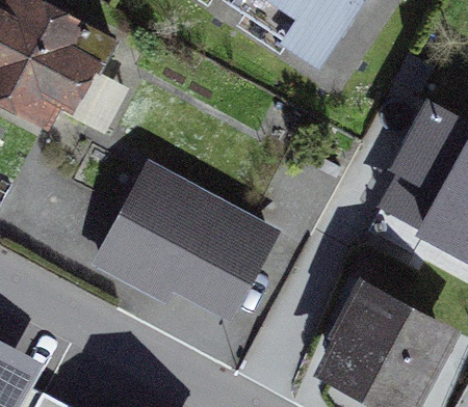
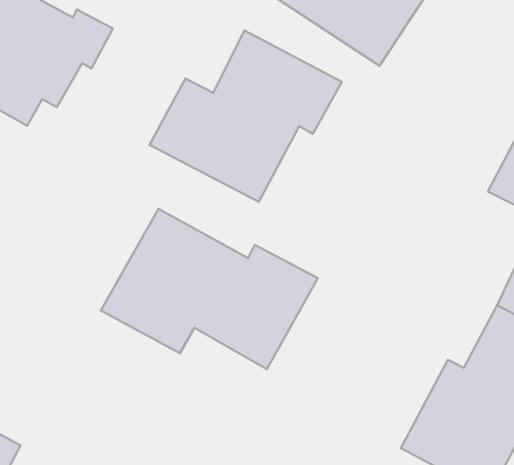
building: none -> [150,30,342,202]

